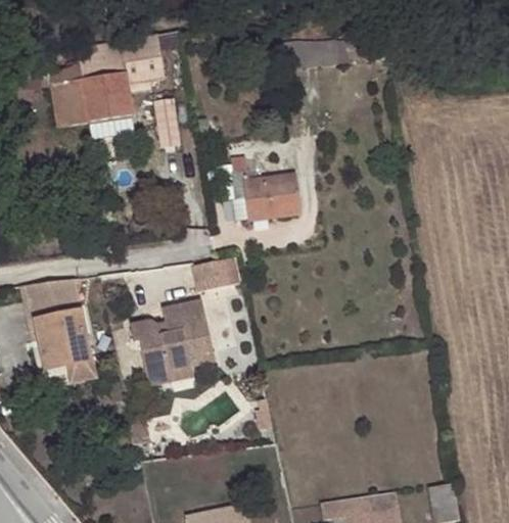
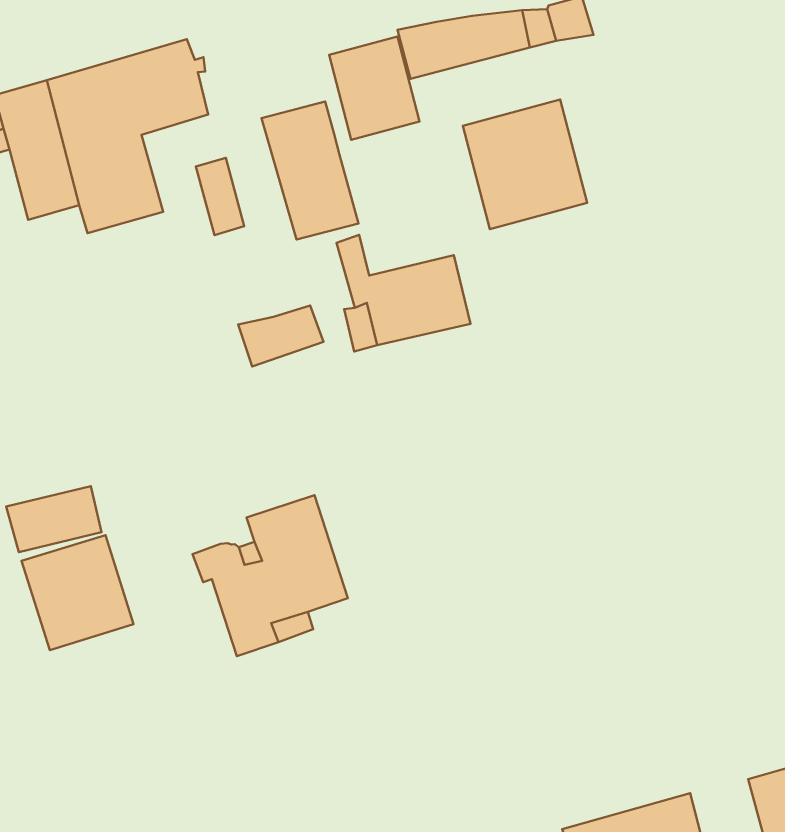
building: none -> [329,36,419,140]
building: none -> [261,101,358,240]
building: none -> [463,100,587,229]
building: [193,257,240,288] -> [238,305,323,366]

